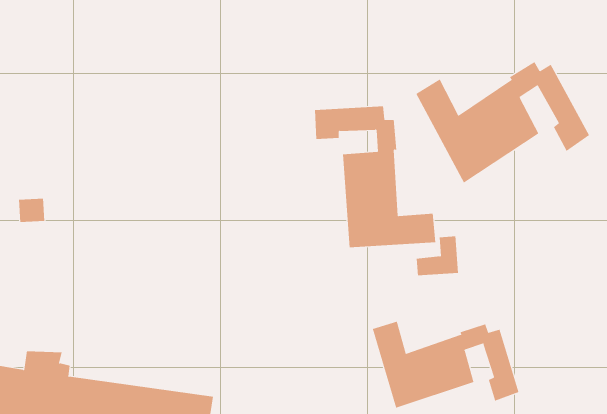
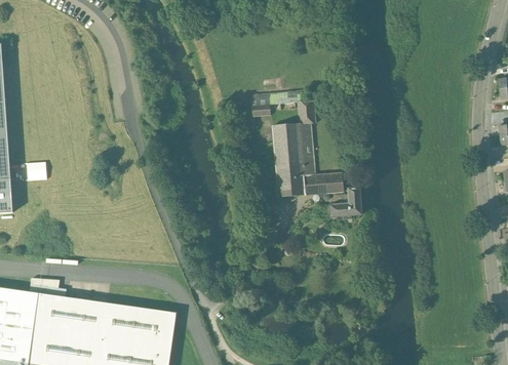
building: [416,61,590,183] -> none
building: [372,321,519,409] -> none

